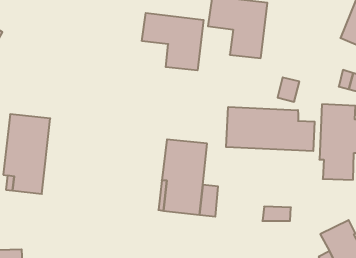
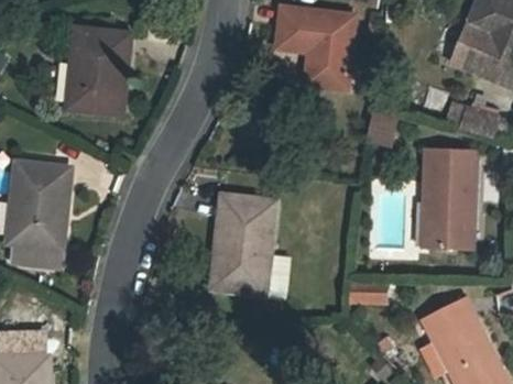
building: none -> [67,28,130,113]
building: [142,13,204,70] -> none
building: [226,107,315,151] -> none

